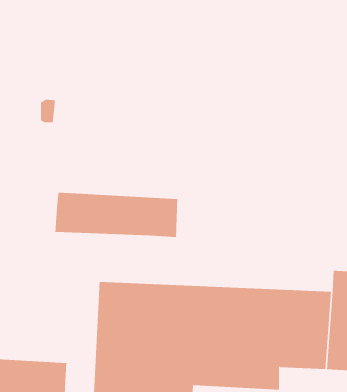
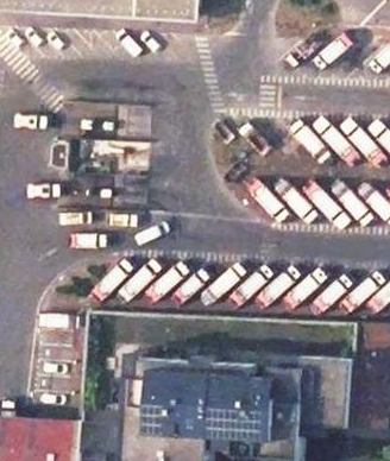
building: [55,192,178,238] -> none

